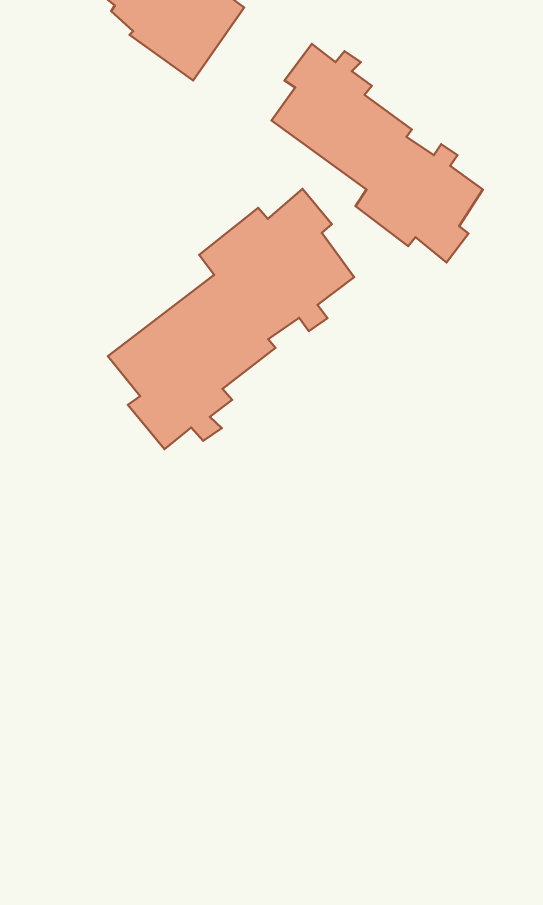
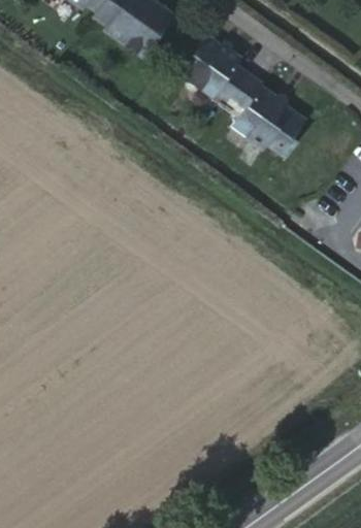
building: [108,189,354,449] -> none

